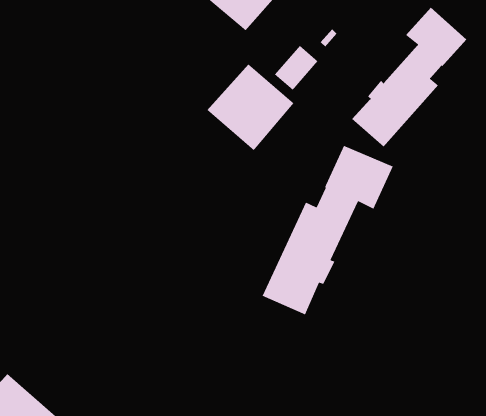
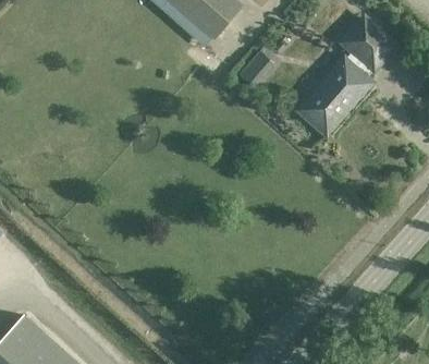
building: [206,64,294,151] -> none
building: [261,145,394,315] -> none

